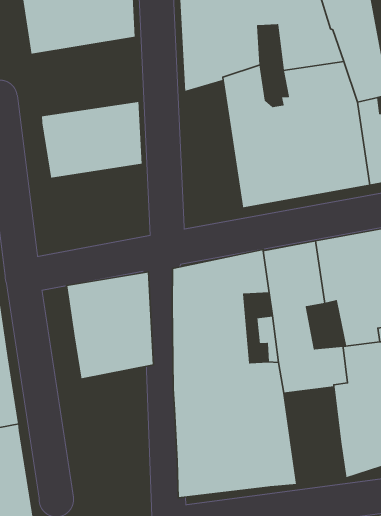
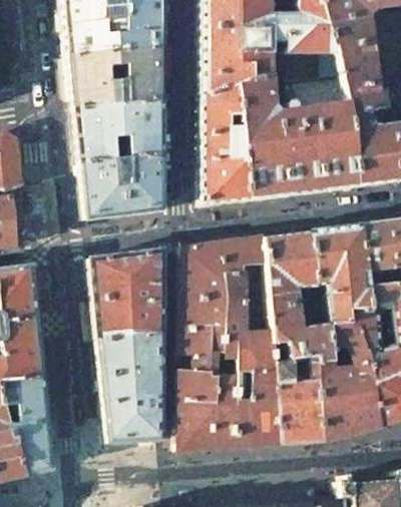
building: none -> [71,45,163,109]
building: none -> [204,87,249,204]
building: none -> [82,156,163,219]
building: none -> [99,332,163,442]
building: none -> [276,360,326,443]

